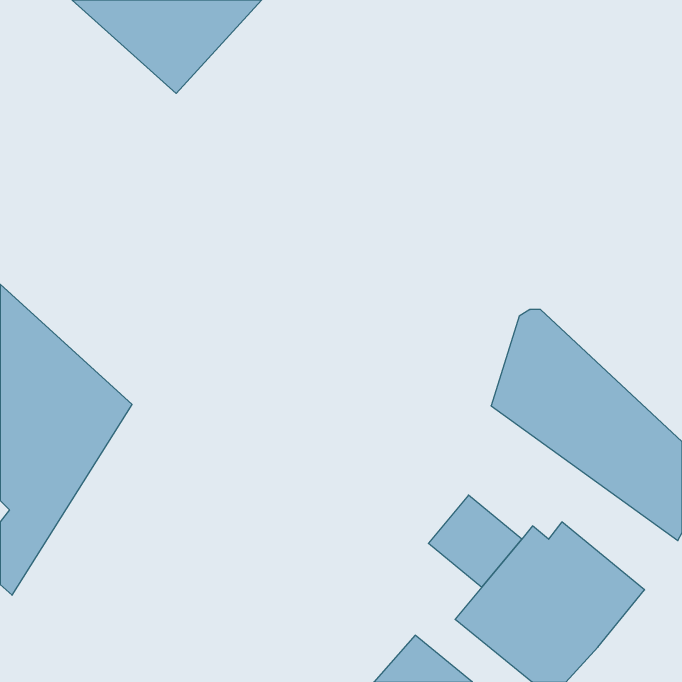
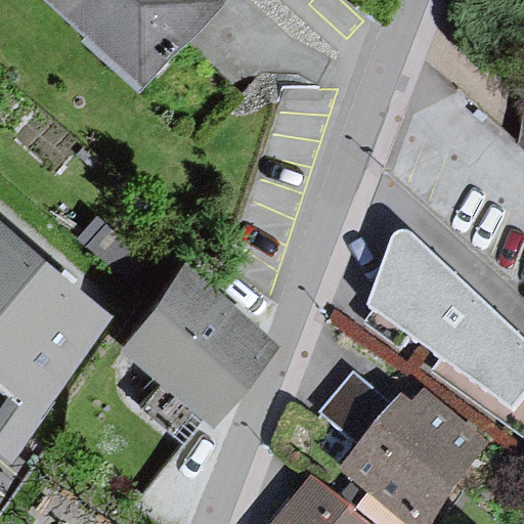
building: none -> [123,267,271,413]

